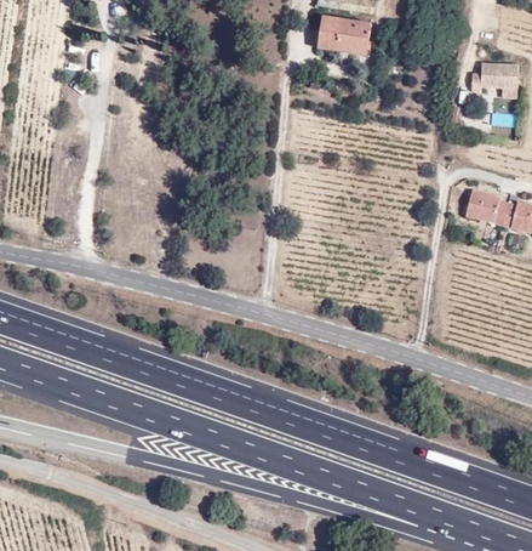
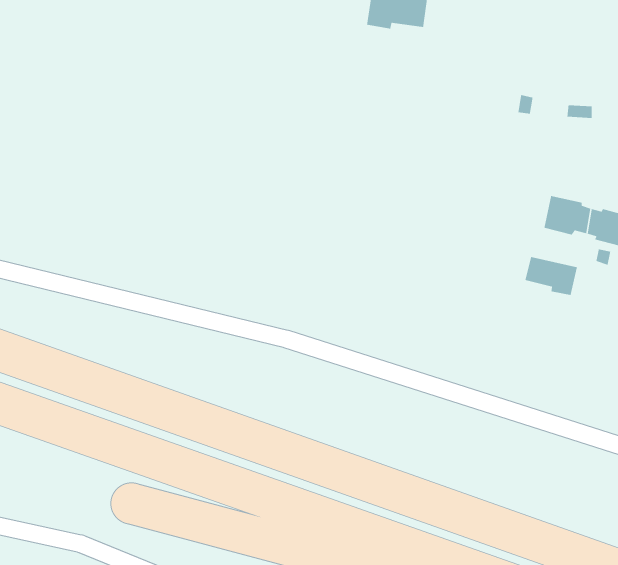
building: [467,63,513,91] -> none
building: none -> [524,256,578,296]

